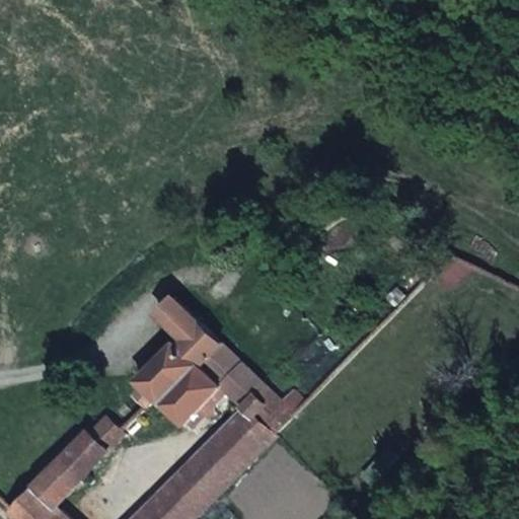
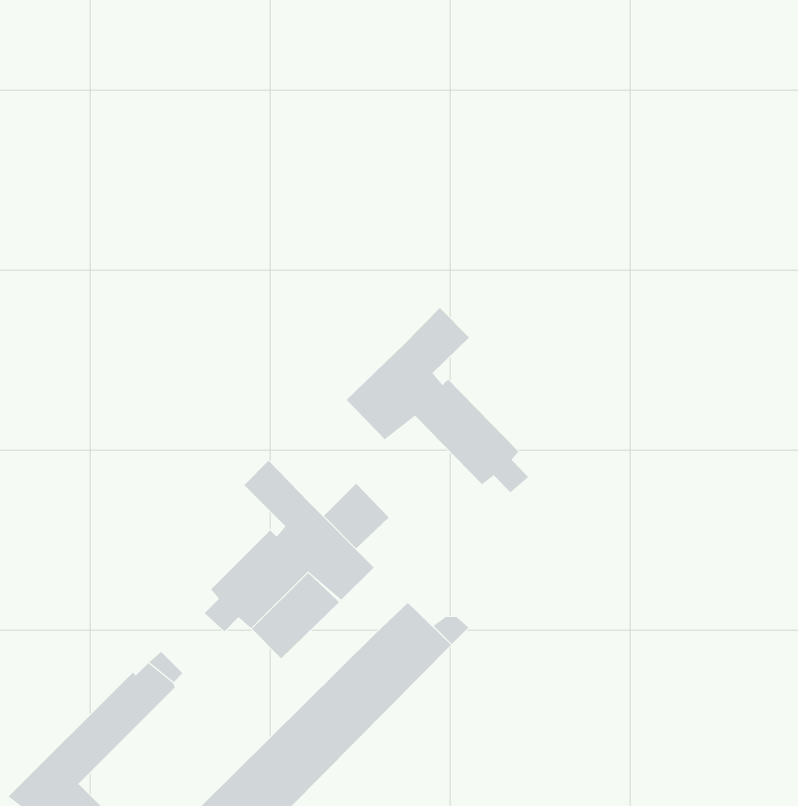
building: none -> [346,307,529,493]
building: [219,365,262,407] -> [323,483,389,549]

